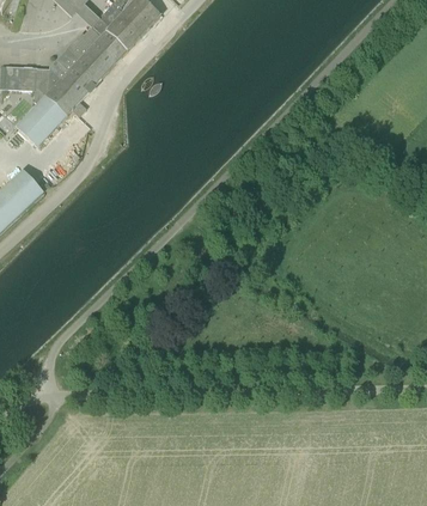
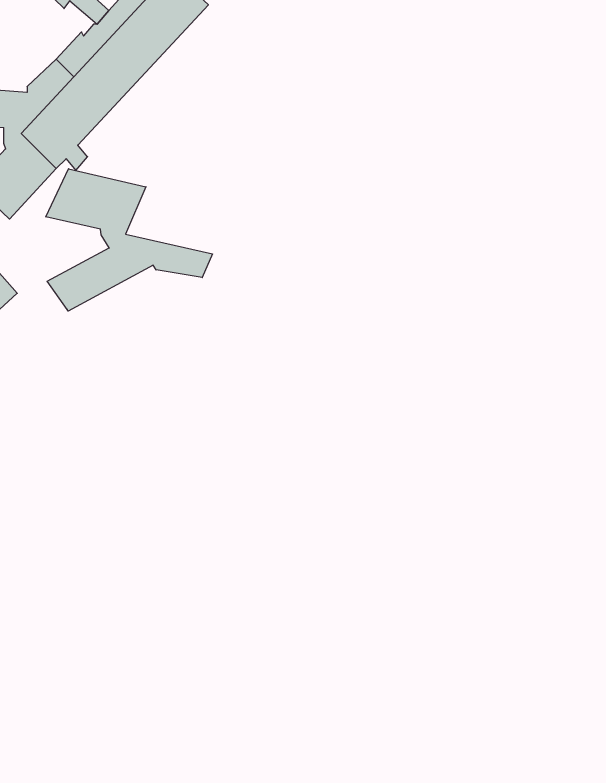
building: none -> [46,169,212,311]

